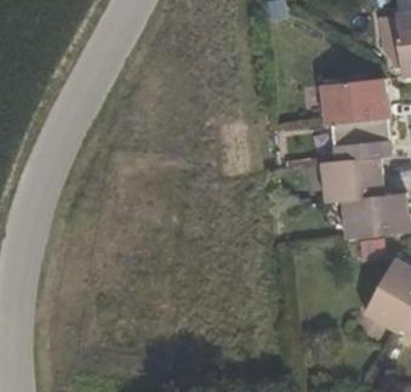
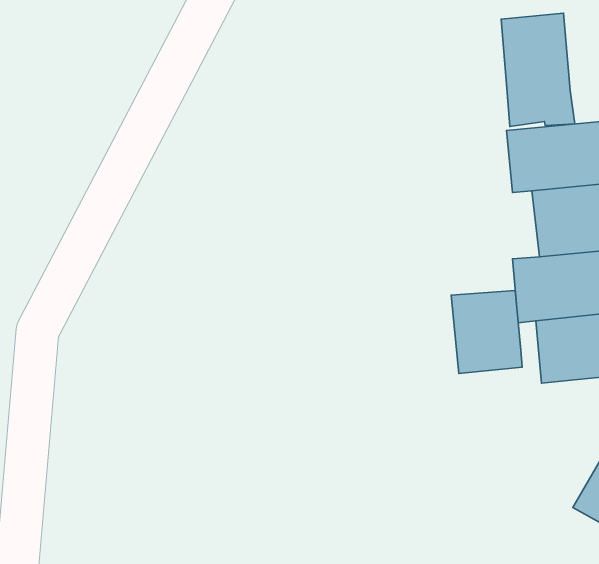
building: none -> [501,13,575,126]
building: none -> [451,291,522,373]

